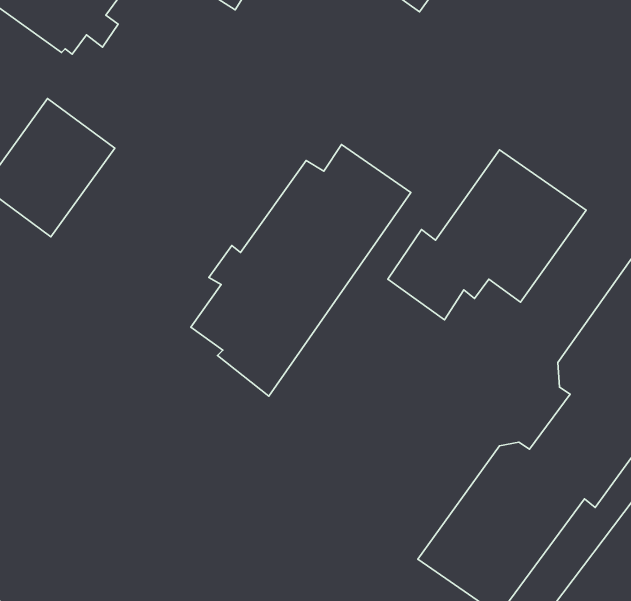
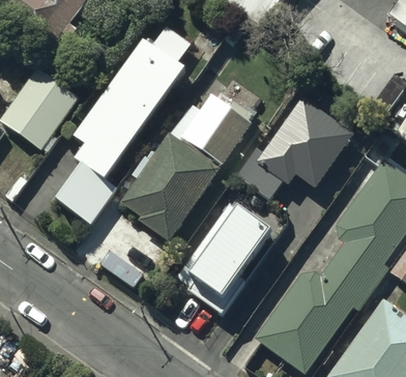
building: none -> [58,26,193,225]
building: none -> [177,204,272,309]

